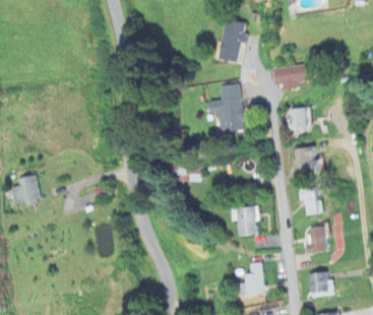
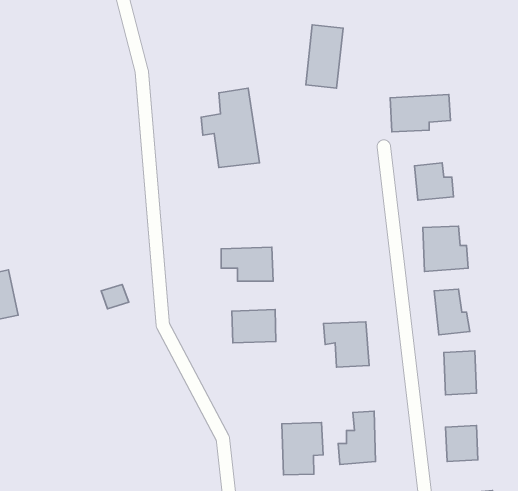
building: [209,82,246,132] -> [201,88,260,168]
building: none -> [232,310,276,343]
building: none -> [282,422,323,475]

